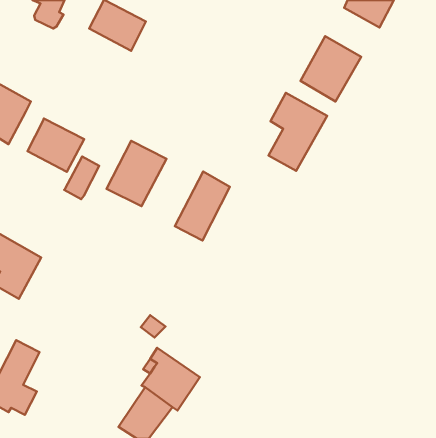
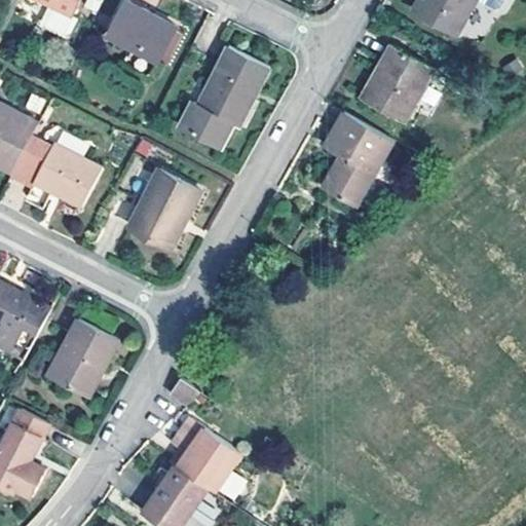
building: none -> [179,46,267,148]
building: [64,156,99,199] -> [9,135,51,186]
building: [175,172,230,241] -> none
building: none -> [46,317,117,398]

